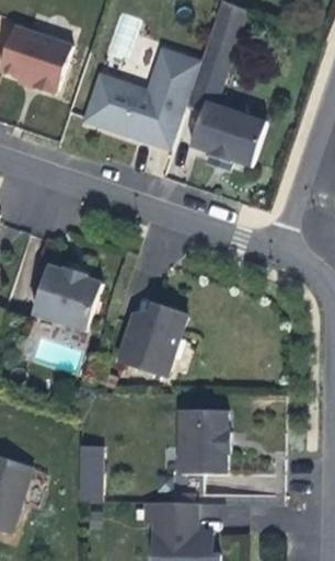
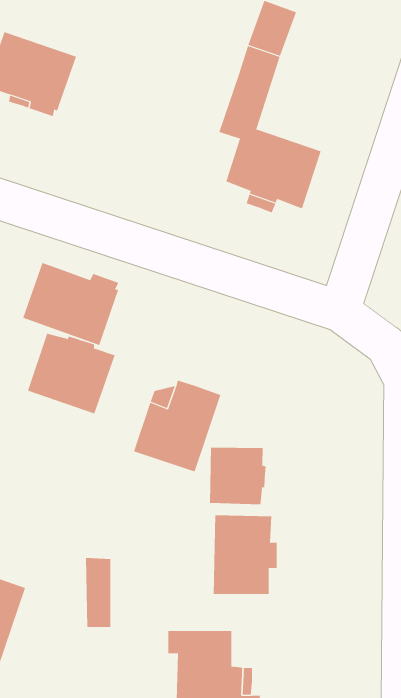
building: [83,48,200,150] -> none
building: none -> [23,262,119,346]
building: none -> [210,447,266,505]

